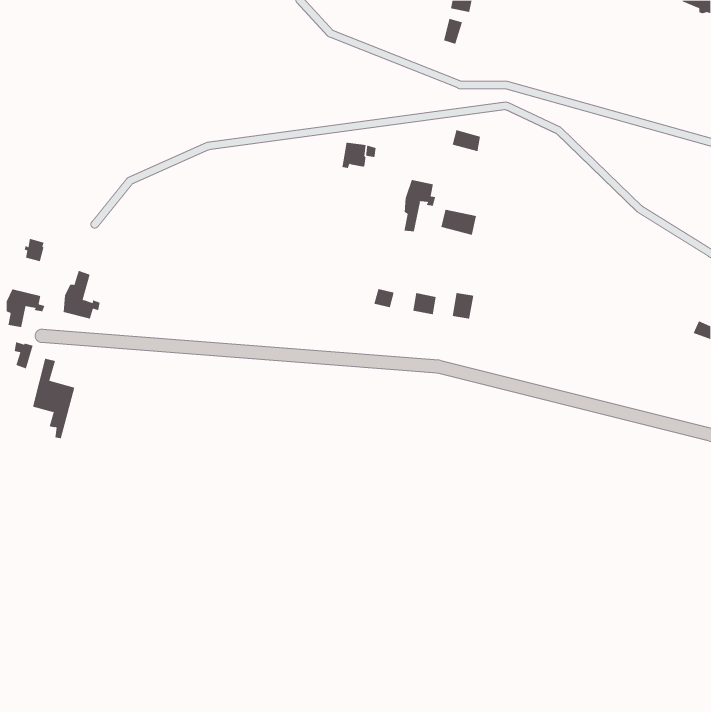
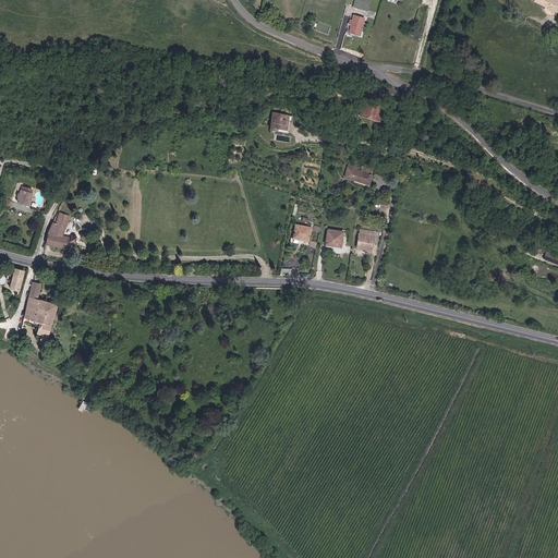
building: [404,179,436,232] -> none
building: [6,288,45,328] -> none

